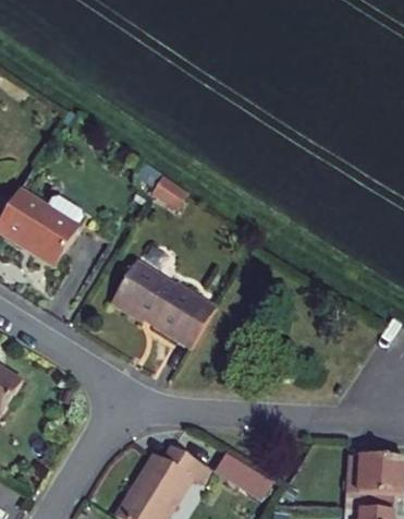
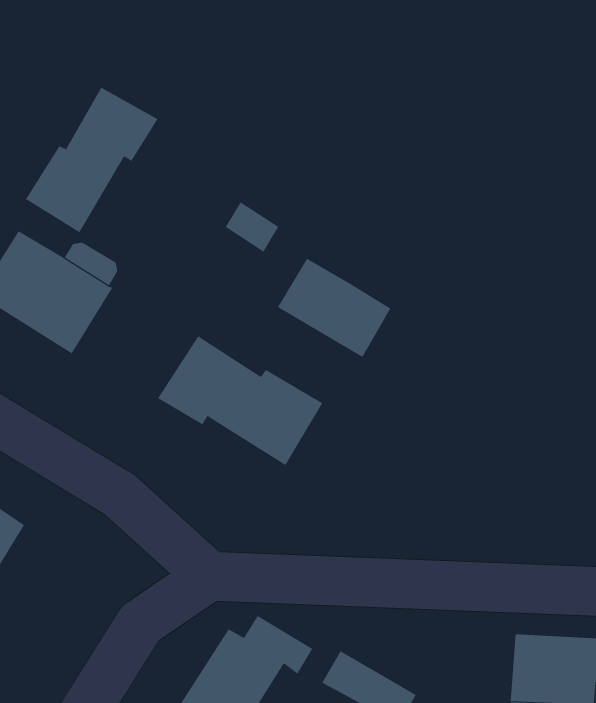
building: none -> [25,87,158,233]
building: none -> [277,257,391,358]

